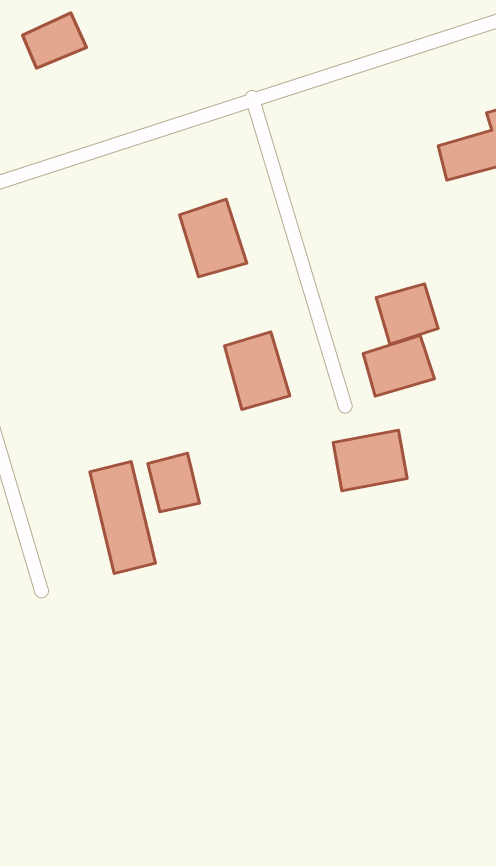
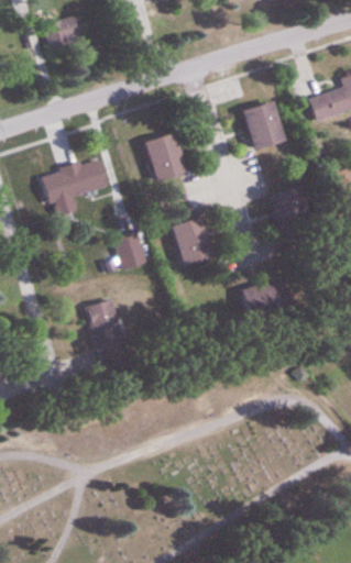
building: none -> [243,101,285,150]
building: none -> [42,158,107,218]
building: [363,336,434,396] -> none
building: [148,453,199,512] -> [113,232,146,269]

